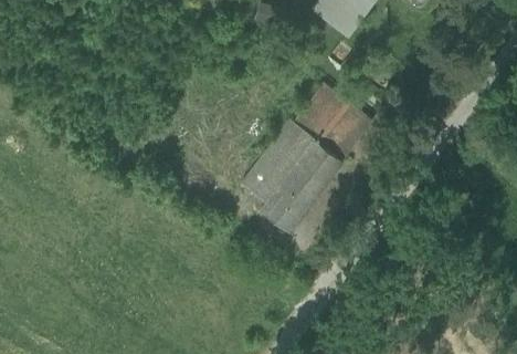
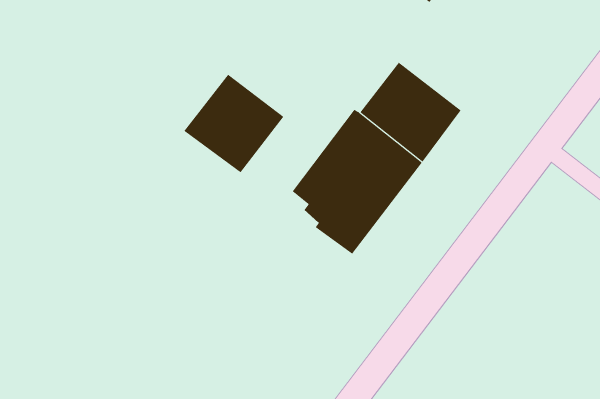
building: none -> [183,74,284,173]

